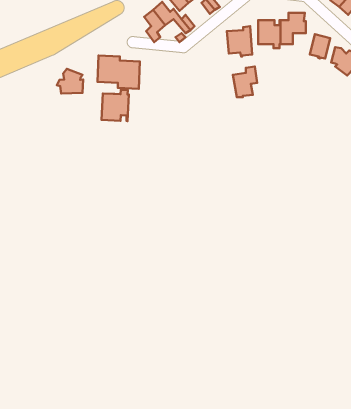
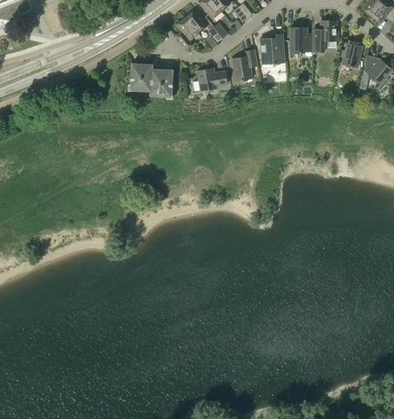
building: none -> [192,67,227,91]
building: [233,67,257,97] -> [232,49,256,80]
building: [57,69,83,94] -> none
building: [102,90,129,121] -> none

